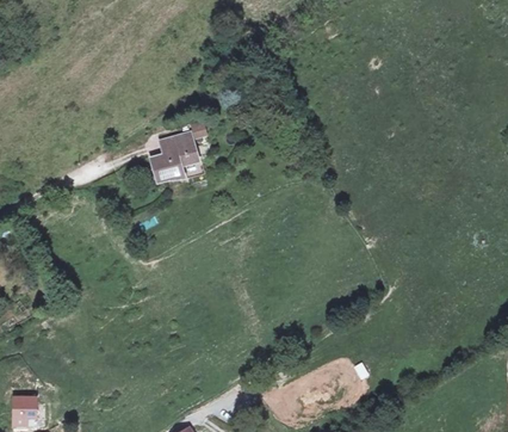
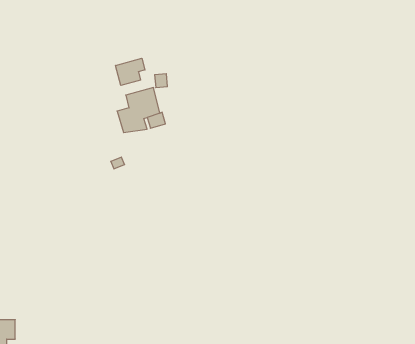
building: none -> [116,58,145,85]

